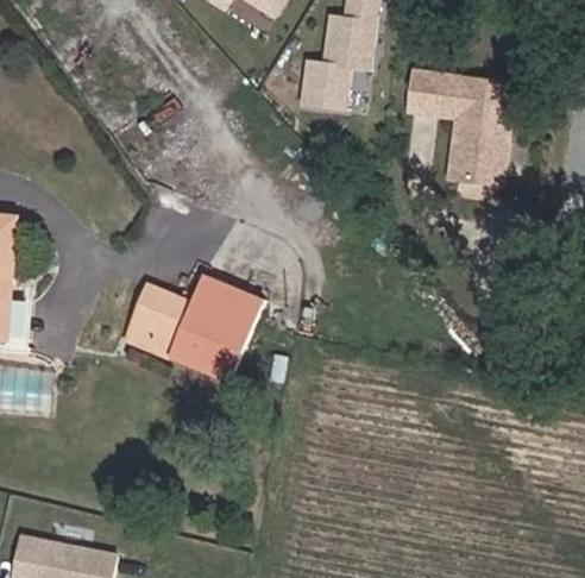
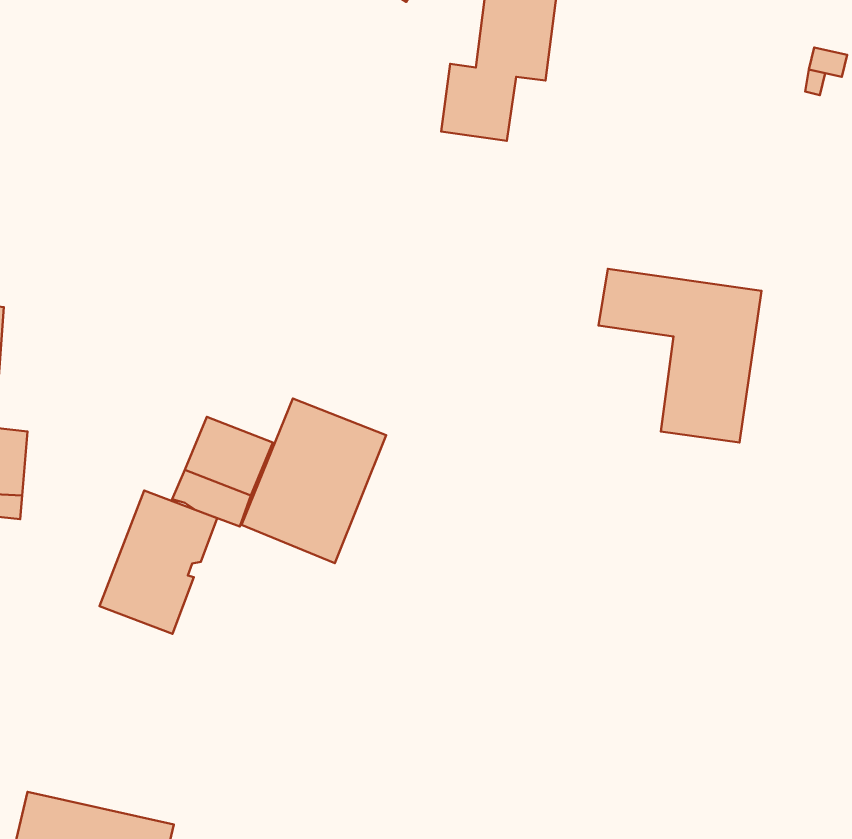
building: [405,68,511,181] -> [599,269,761,443]
building: none -> [99,491,217,634]

